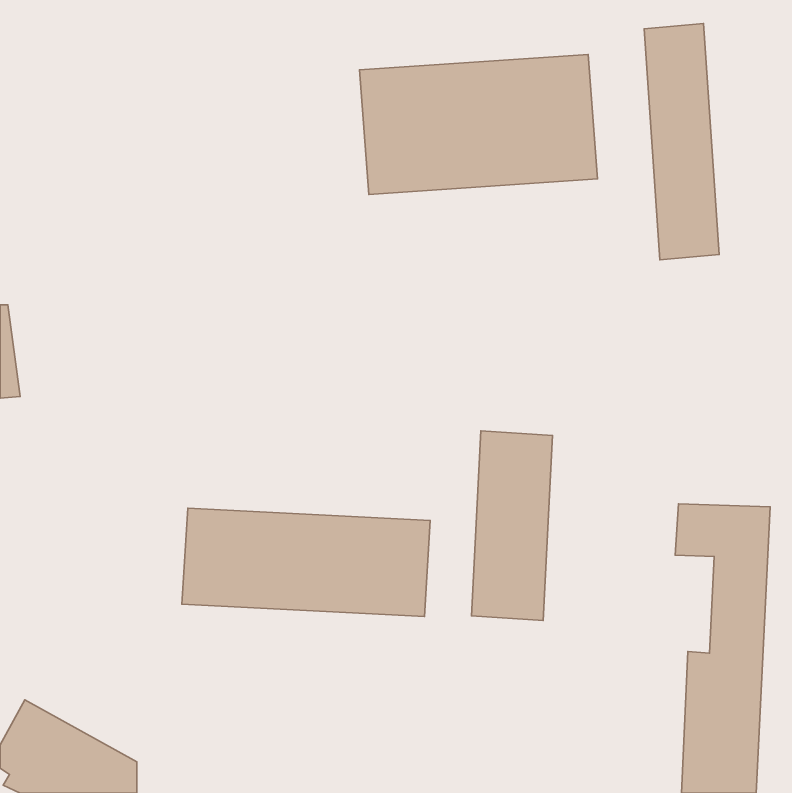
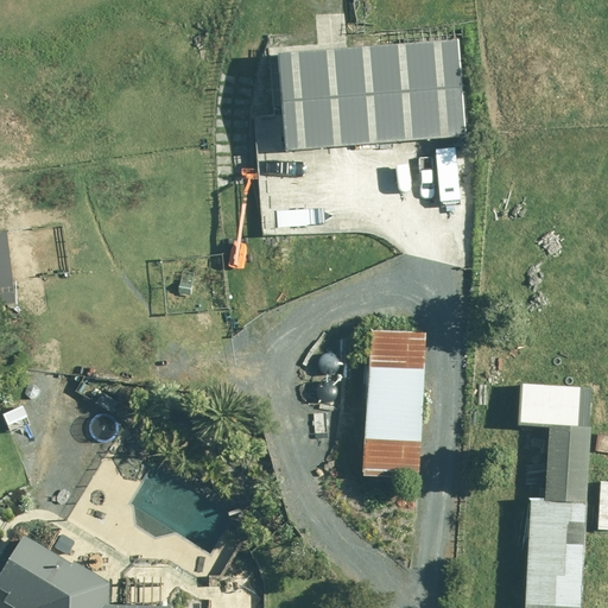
building: [644,24,719,260] -> none
building: [182,508,430,616] -> none

